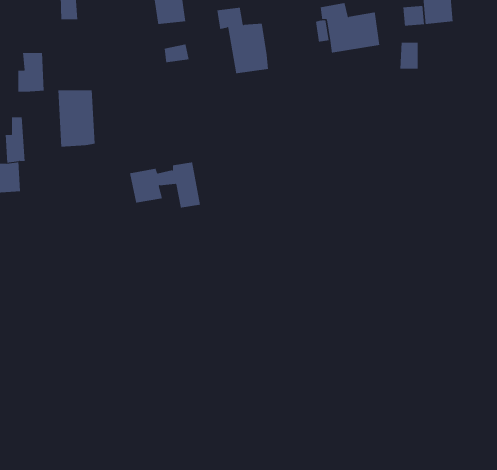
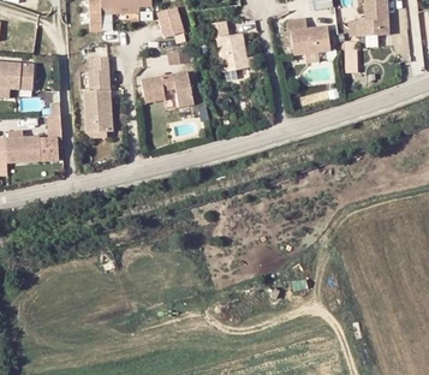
building: [18,53,45,92] -> [93,52,113,82]
building: [129,162,201,208] -> [138,71,192,106]

